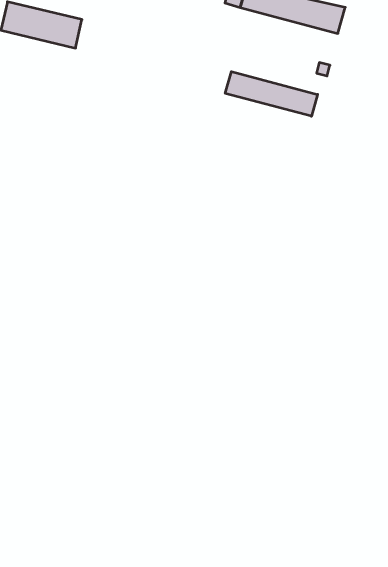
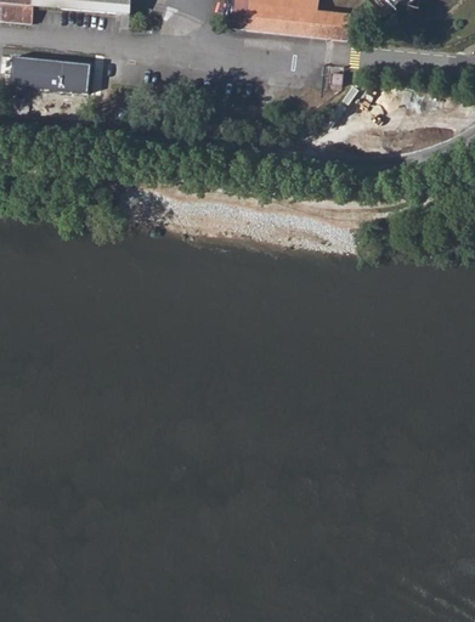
building: [225,72,318,116] -> none

